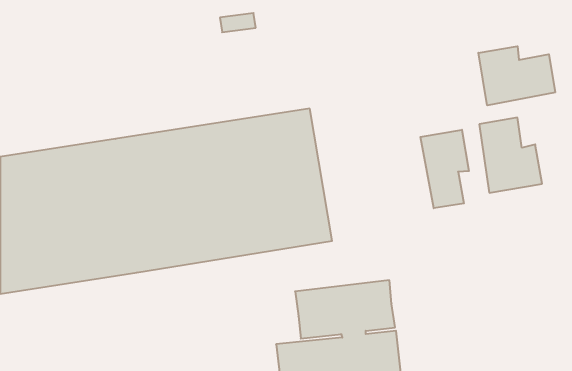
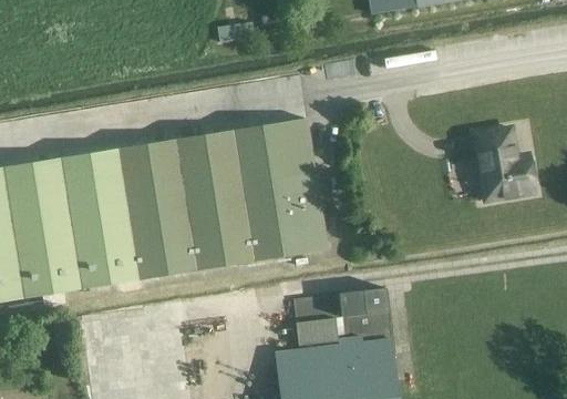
building: [478,46,555,105] -> none
building: [420,130,469,208] -> none

